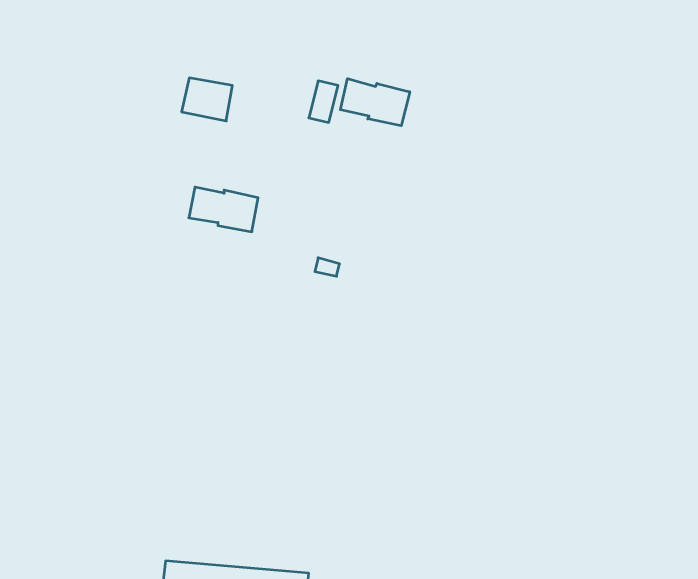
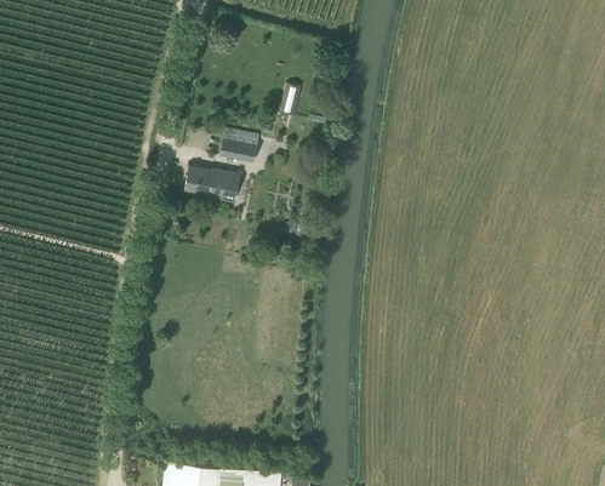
building: [182,78,232,121] -> [219,130,259,164]
building: [340,79,410,126] -> none

